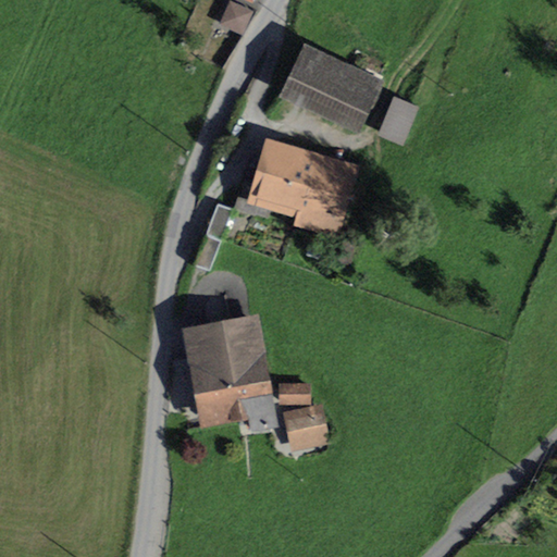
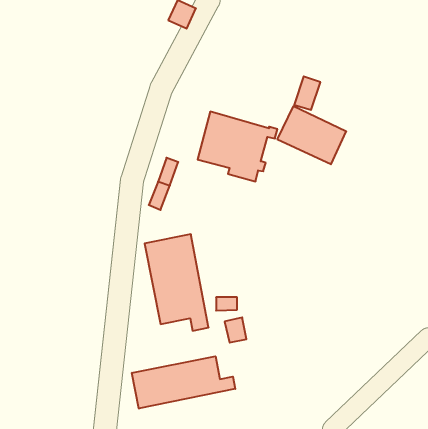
building: [285,51,374,126] -> [277,106,346,164]
building: none -> [132,356,235,409]

